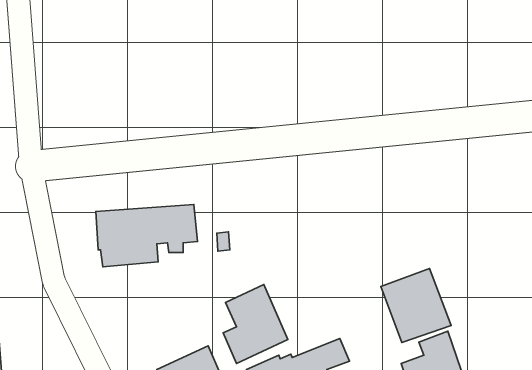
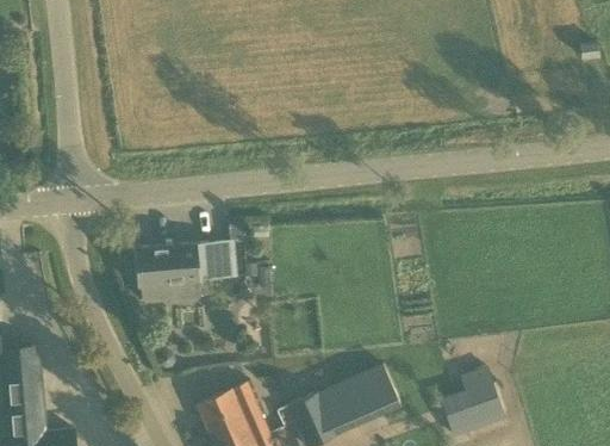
building: [381,269,451,343] -> none
building: [223,285,288,364] -> none

